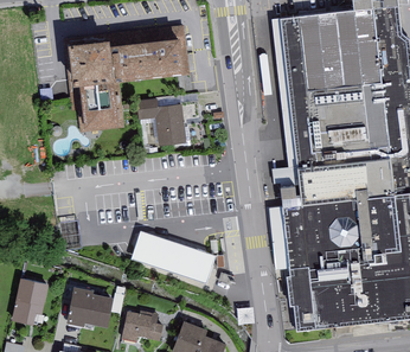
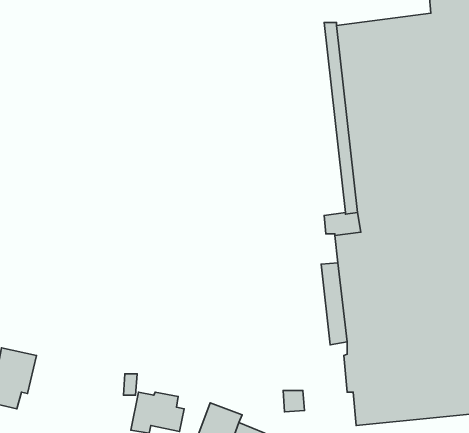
building: [69,37,188,129] -> none
building: [135,96,187,146] -> none
building: [134,230,220,283] -> none
building: [66,280,114,320] -> none

